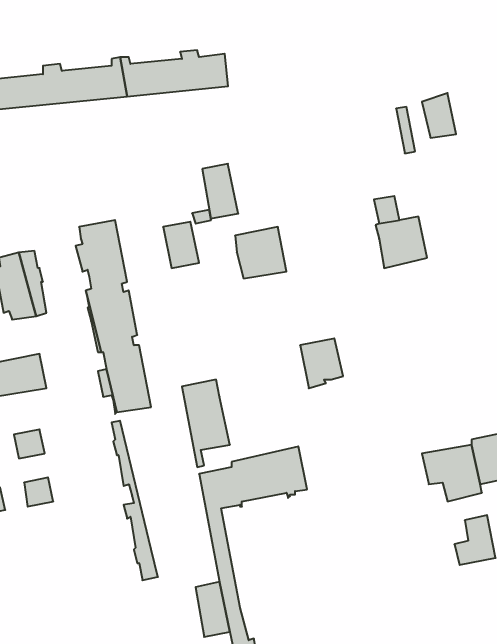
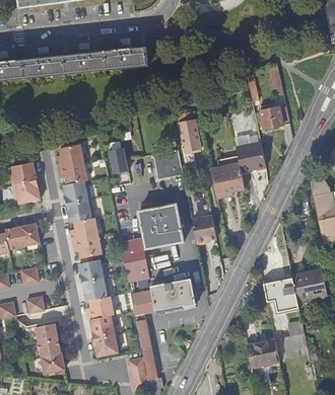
building: none -> [260,105,290,128]
building: [202,164,238,219] -> [180,117,201,150]
building: none -> [211,155,244,196]
building: none -> [138,203,184,248]
building: none -> [84,259,120,354]
building: none -> [36,323,65,374]
building: none -> [247,340,279,372]

